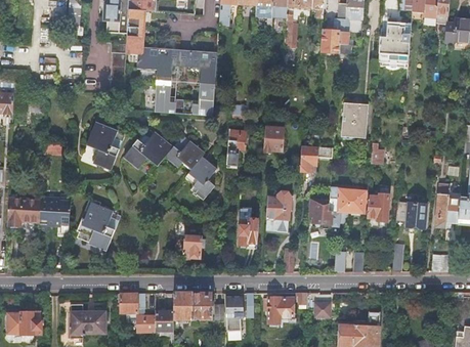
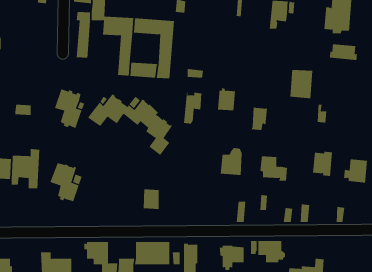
building: none -> [329,44,357,61]
building: [329,185,367,212] -> none
building: [239,215,259,245] -> none

